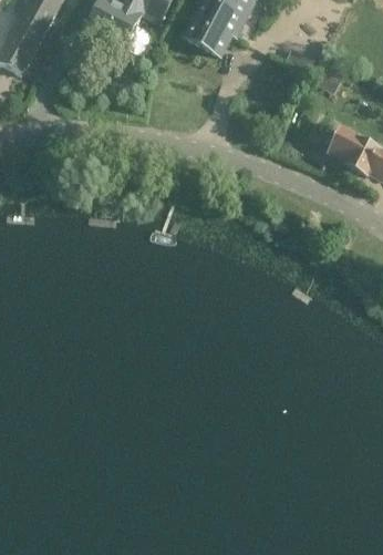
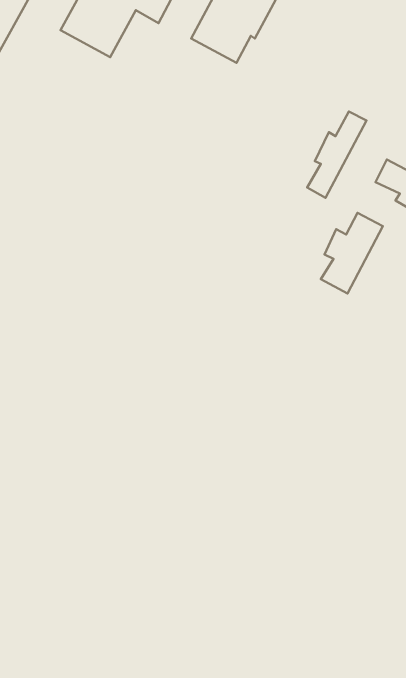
building: none -> [307,111,366,198]
building: none -> [321,213,383,294]

